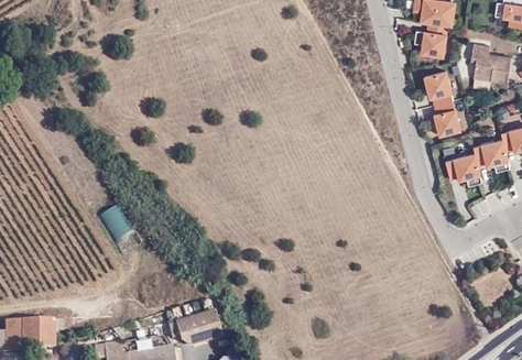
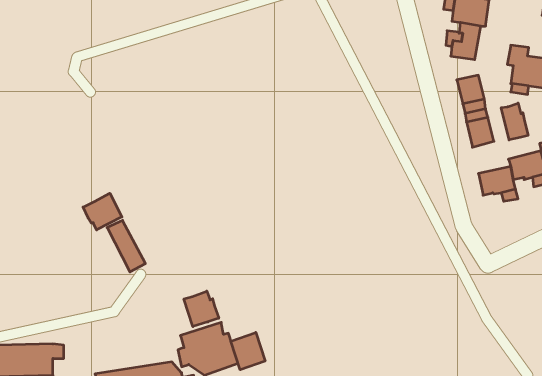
building: none -> [501,103,528,140]
building: none -> [83,193,122,230]
building: none -> [184,291,219,327]
building: none -> [231,332,265,370]

